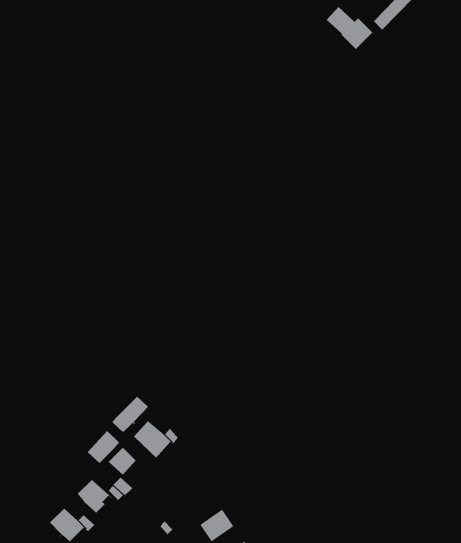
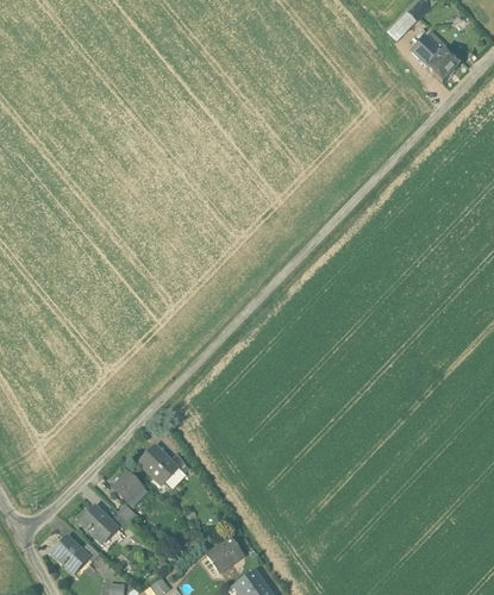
building: [326,6,373,50] -> [412,36,461,81]
building: [110,396,149,434] -> none
building: [87,430,120,464] -> none

